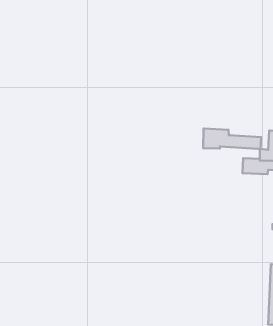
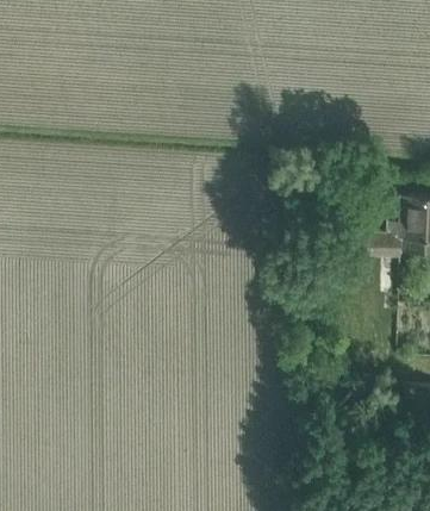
building: [203,129,261,149] -> none

